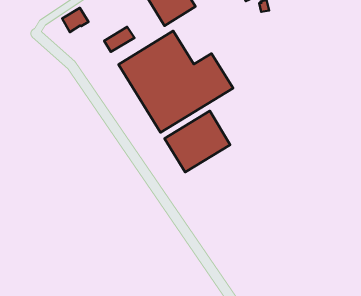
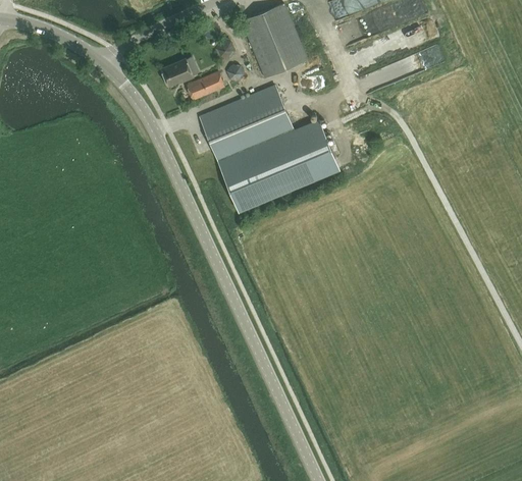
building: [62,8,88,32] -> [160,58,193,87]
building: [164,111,230,172] -> none

